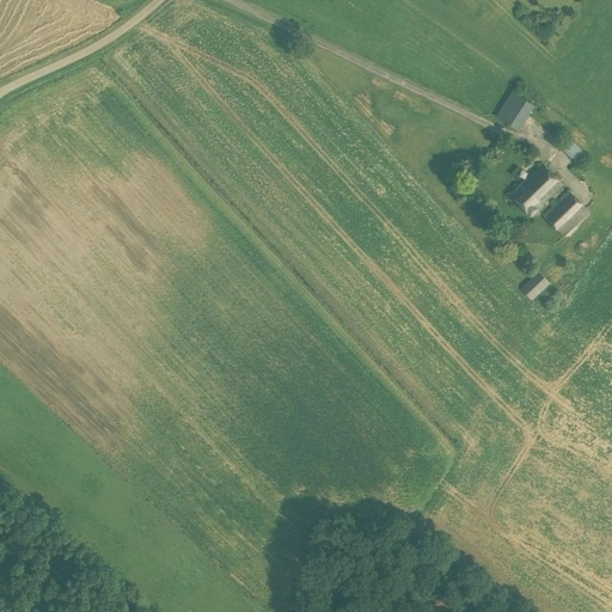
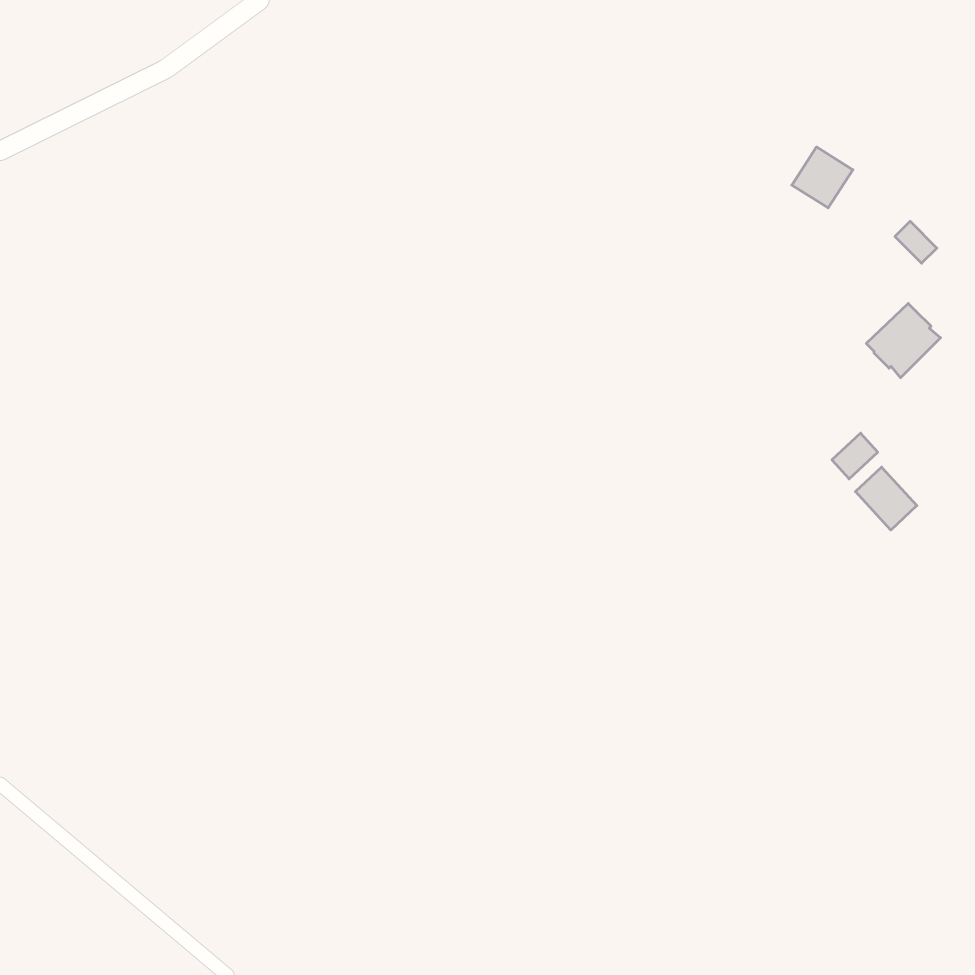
building: [509,165,563,218] -> none
building: none -> [855,467,917,530]

